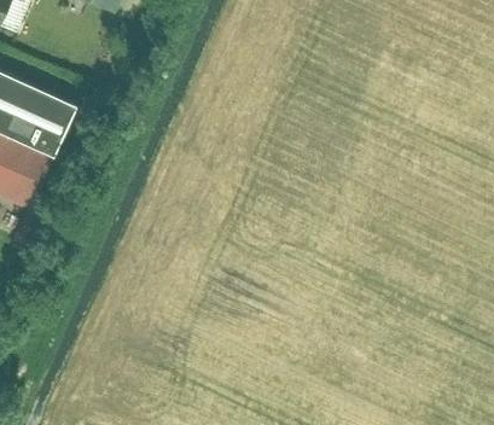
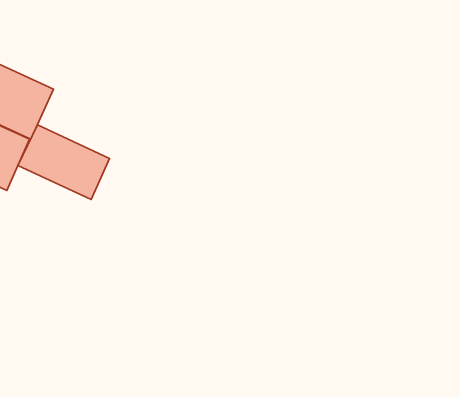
building: none -> [18,125,109,199]

